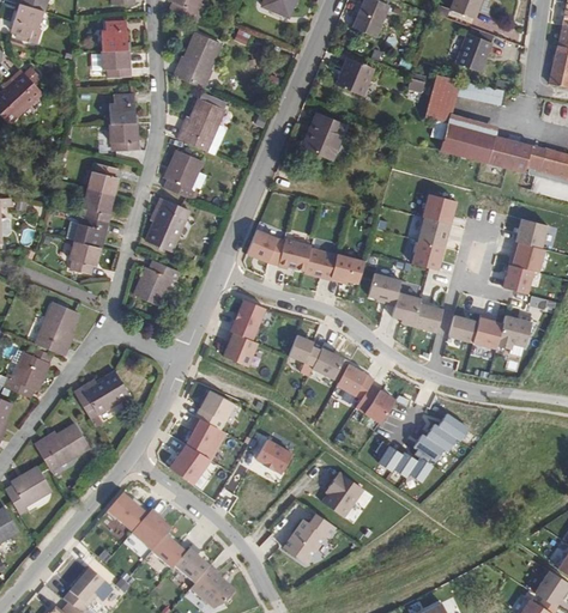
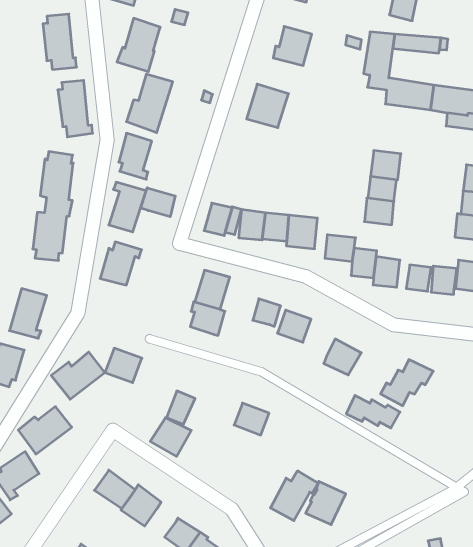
building: none -> [141,188,175,217]
building: [337,364,370,399] -> none
building: [197,390,236,427] -> [105,348,142,383]
building: [321,472,364,517] -> [306,481,346,525]
building: [153,538,187,571] -> none

